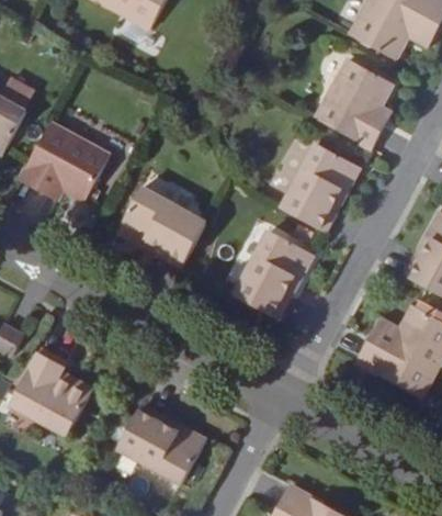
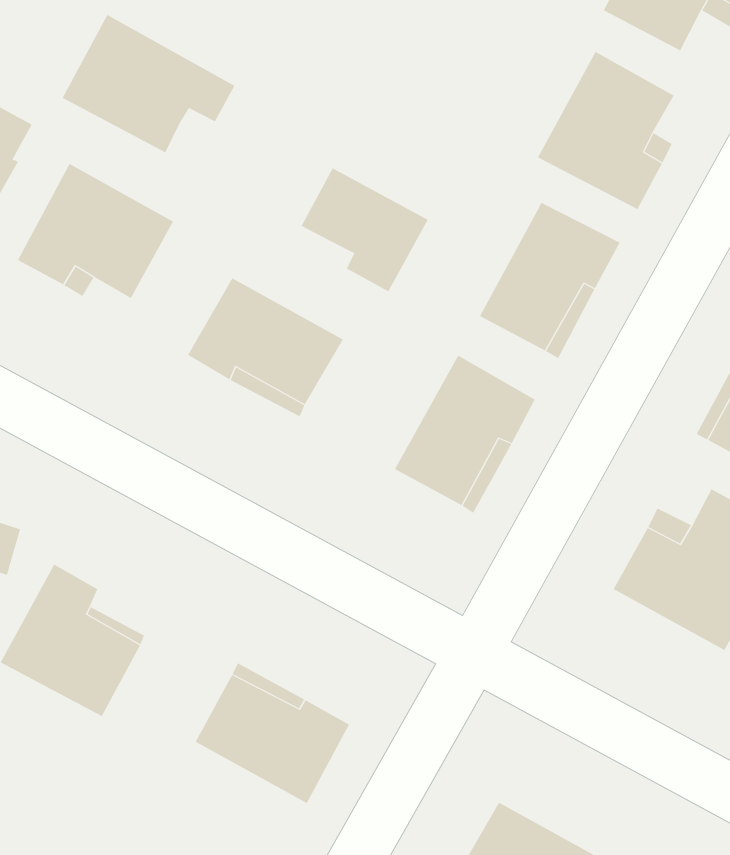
building: none -> [62,14,235,153]
building: none -> [301,167,429,292]

